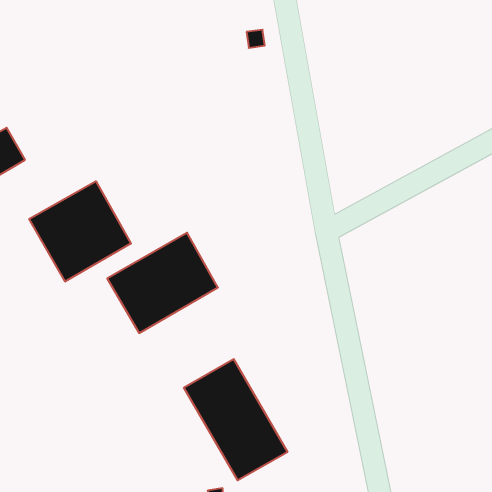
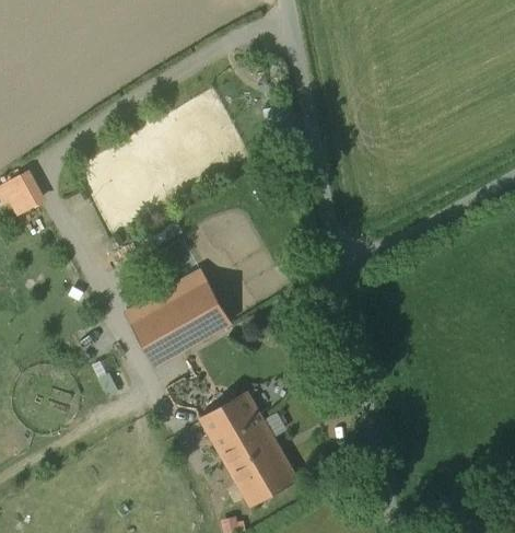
building: [29,181,131,282] -> none

